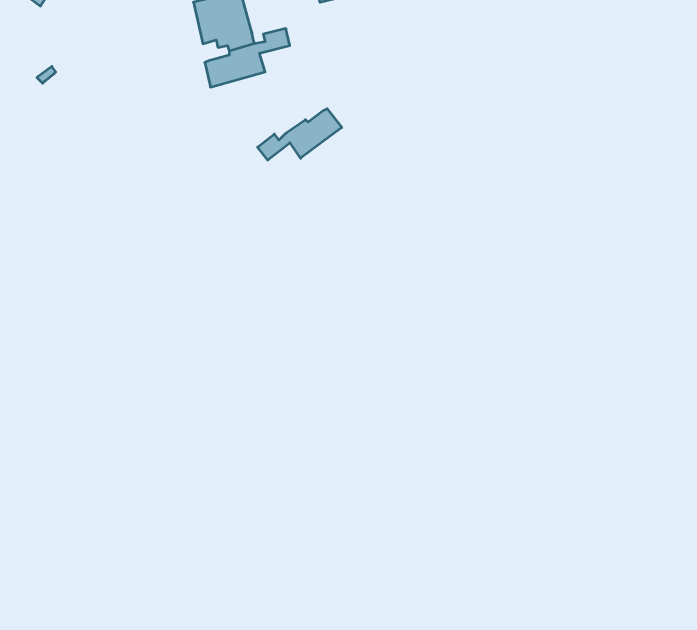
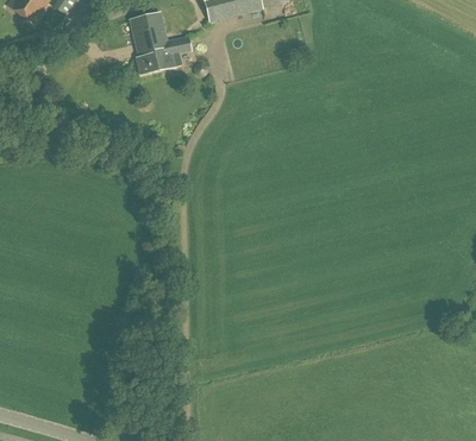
building: [258,109,342,160] -> none

